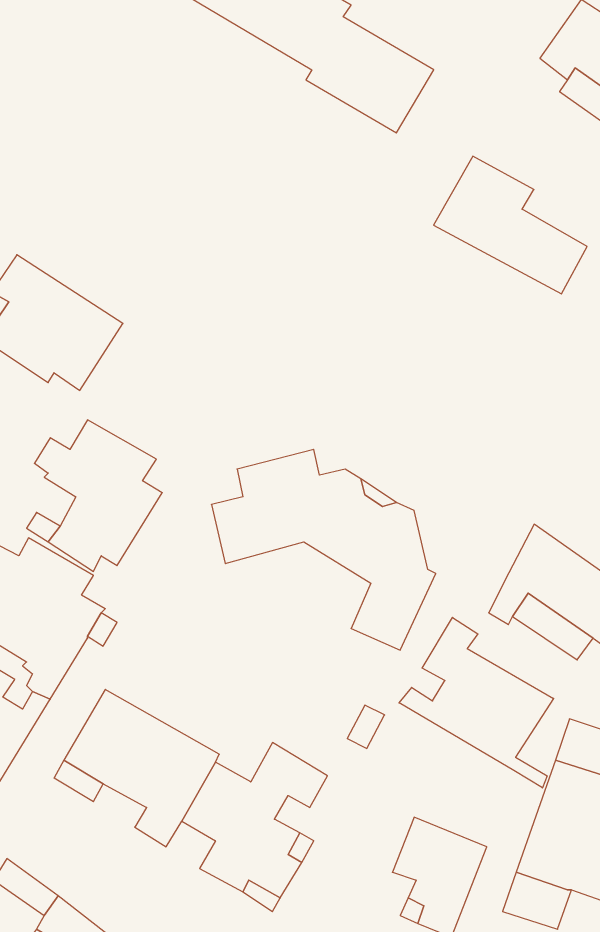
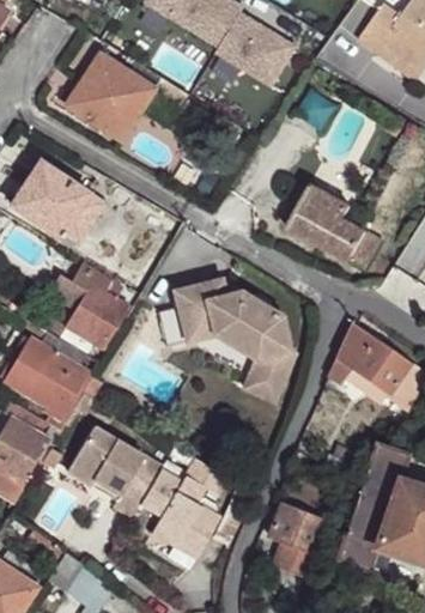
building: none -> [68,53,156,138]
building: [434,156,587,294] -> [287,184,381,268]
building: [399,617,554,788] -> none

